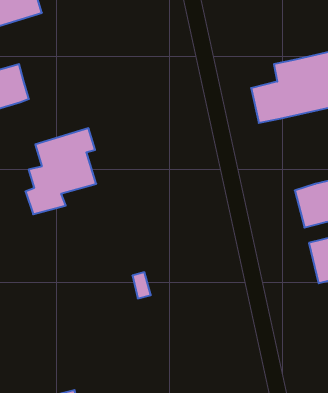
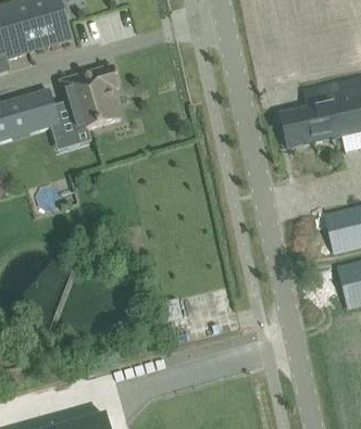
building: [25,128,96,214] -> [49,64,120,150]

